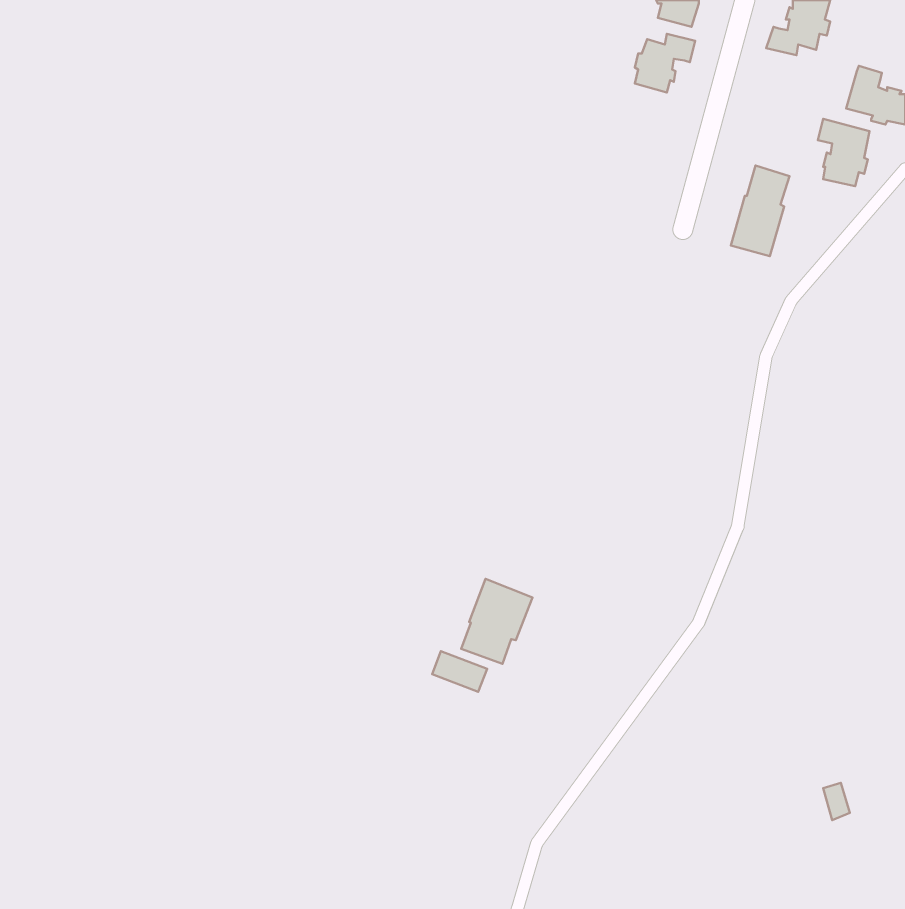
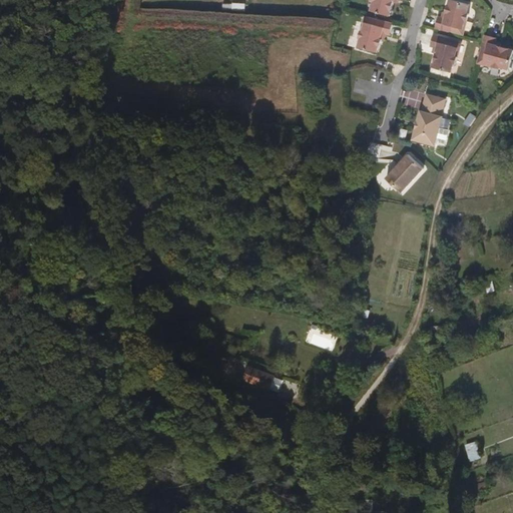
building: [818,119,870,186] -> [428,32,457,70]
building: none -> [384,153,423,192]
building: [461,579,532,664] -> none

